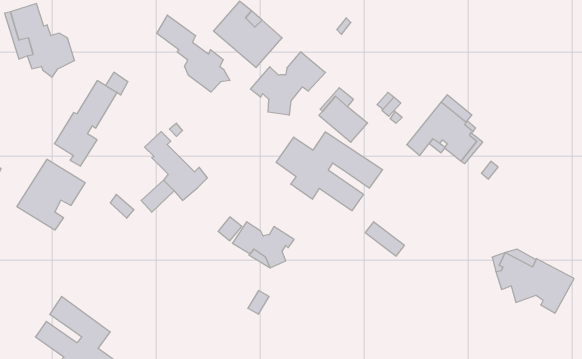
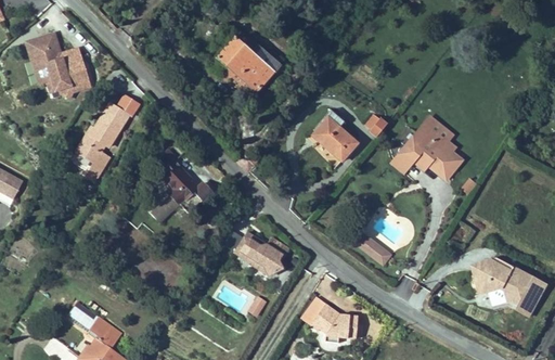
building: [157,15,230,92] -> none
building: [250,52,326,115] -> none
building: [276,132,383,211] -> none
building: [17,159,85,230] -> none
building: none -> [311,304,359,343]

